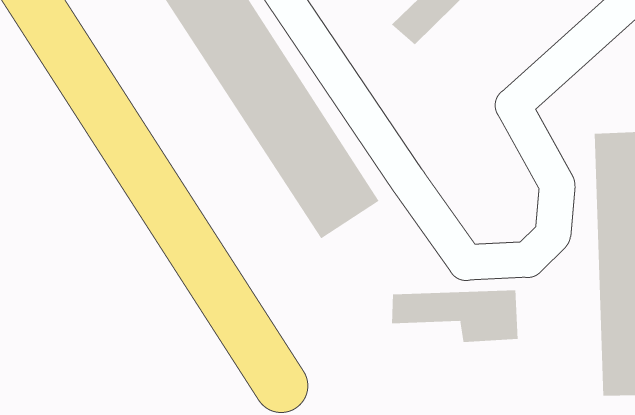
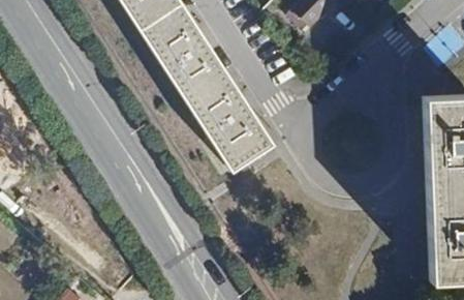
building: [391,290,518,343] -> none

